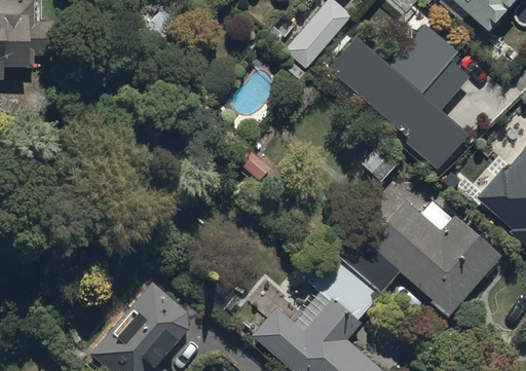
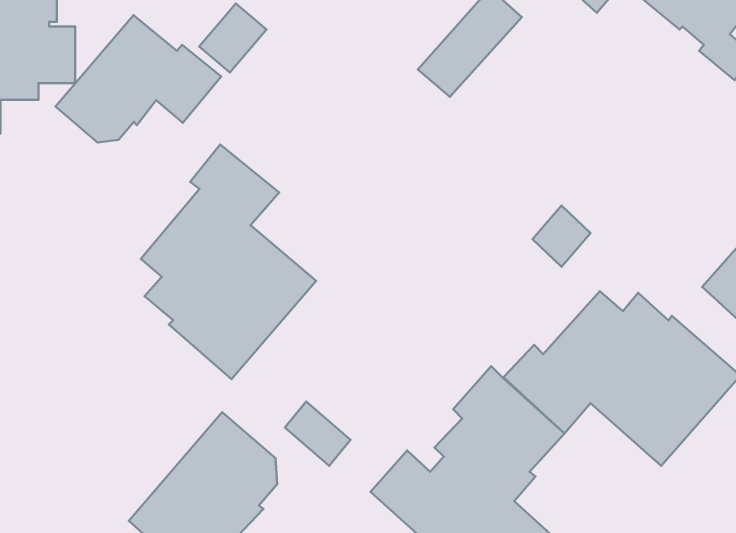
building: none -> [55,15,221,142]
building: [328,23,475,176] -> none
building: none -> [141,145,316,379]

